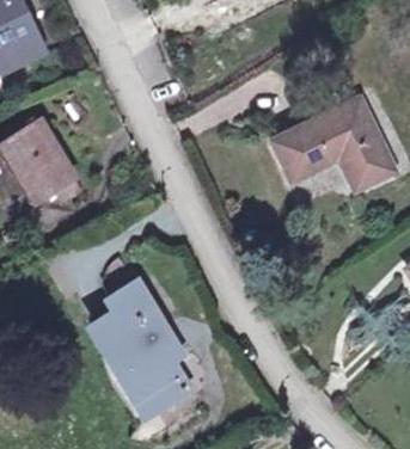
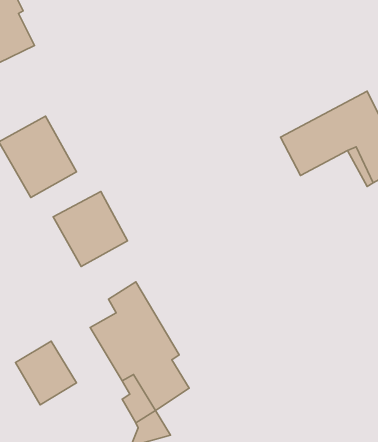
building: none -> [53,192,128,267]
building: none -> [15,341,76,405]

